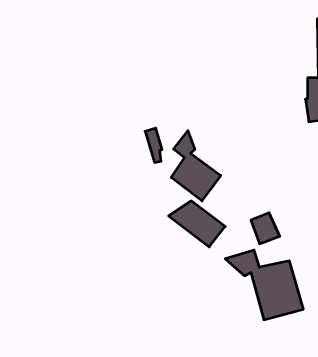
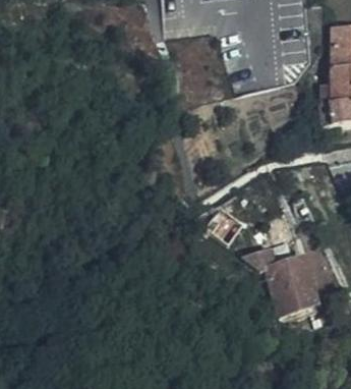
building: [171,131,221,201] -> none

